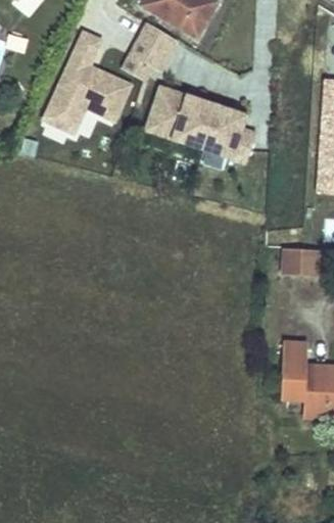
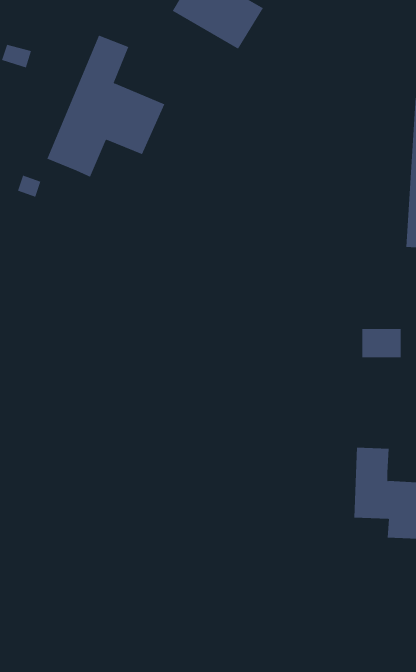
building: [122,21,178,78] -> none
building: [144,83,254,161] -> none

